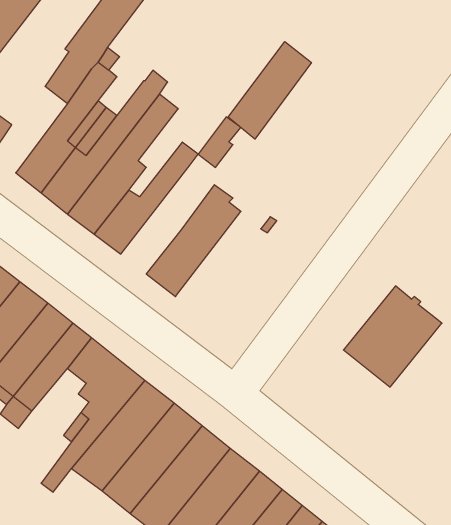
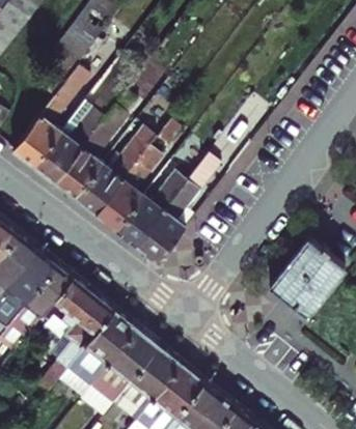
building: [228,42,311,139] -> none
building: none -> [95,144,163,229]
building: none -> [138,161,216,263]

